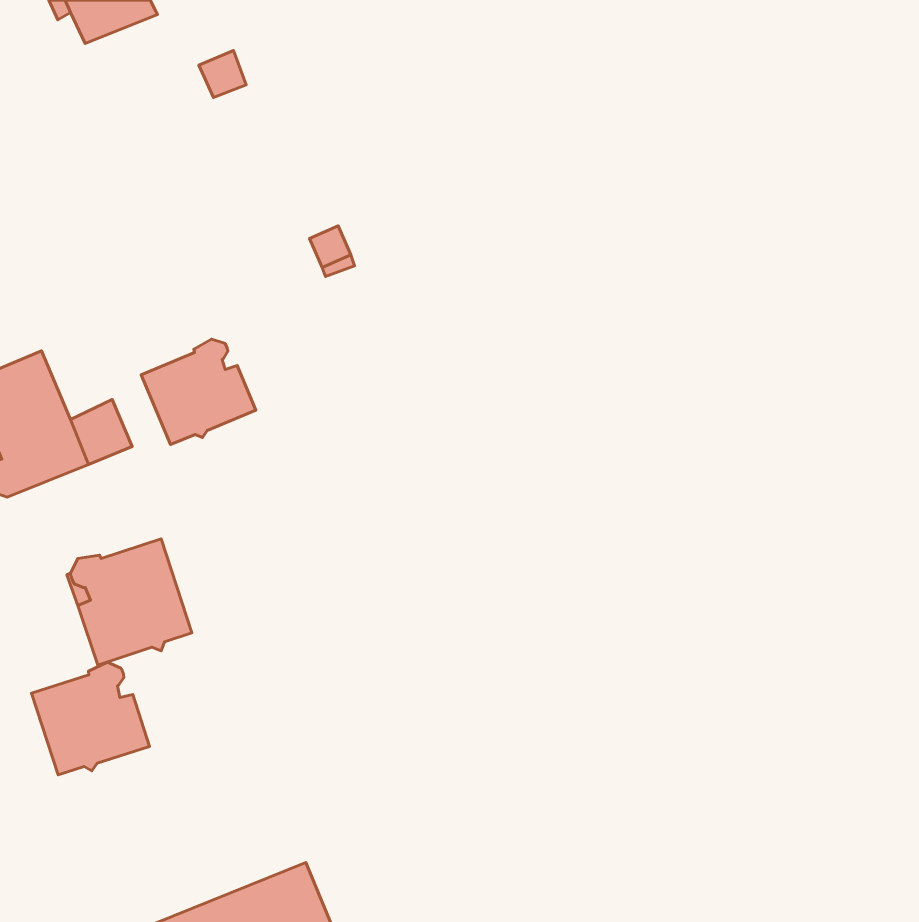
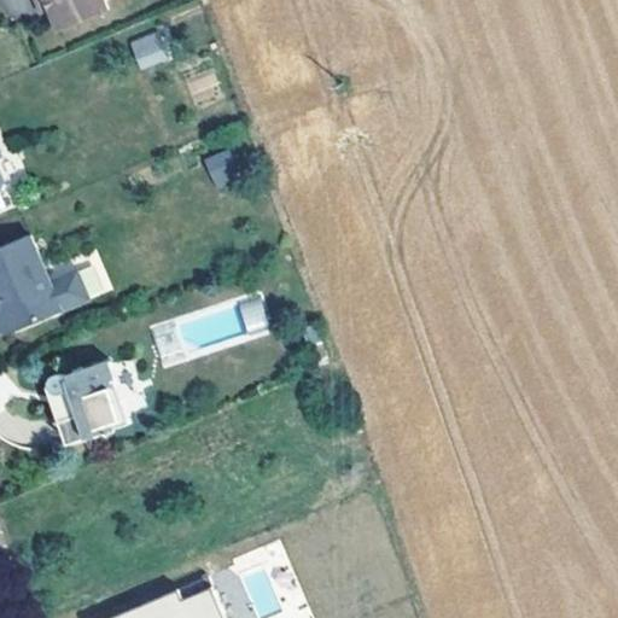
building: [141,339,256,445] -> none
building: [31,662,149,775] -> none

